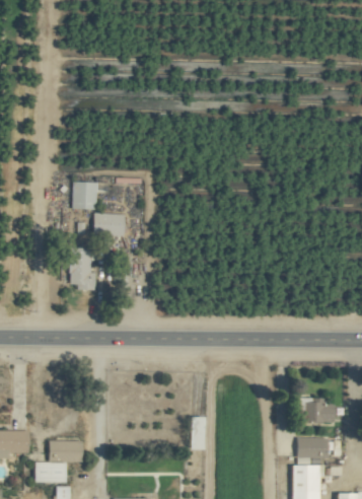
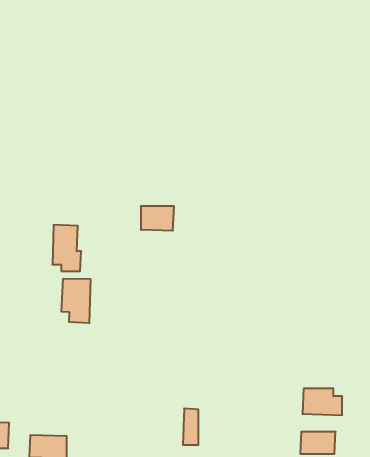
building: [74,183,111,210] -> none
building: [96,214,127,236] -> [141,206,174,231]
building: none -> [61,279,90,323]

